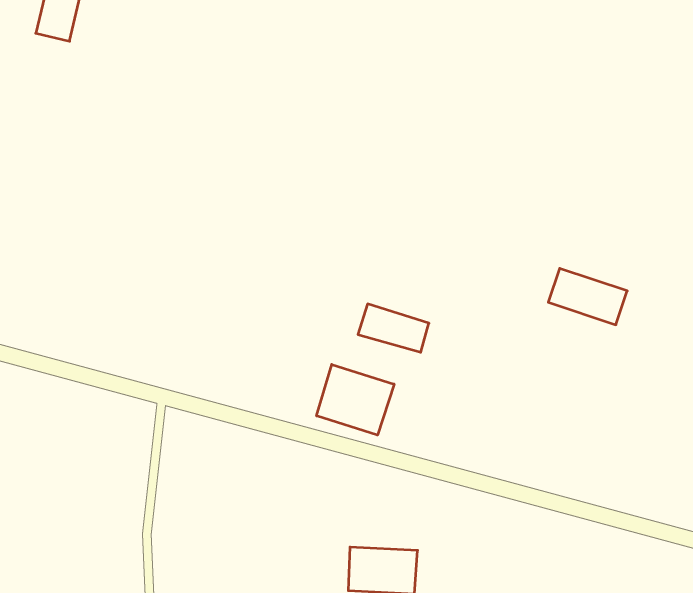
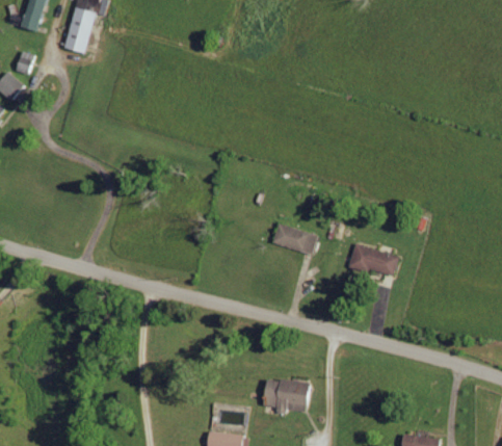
building: [548,268,627,325] -> [347,242,398,279]
building: [317,364,394,435] -> none

